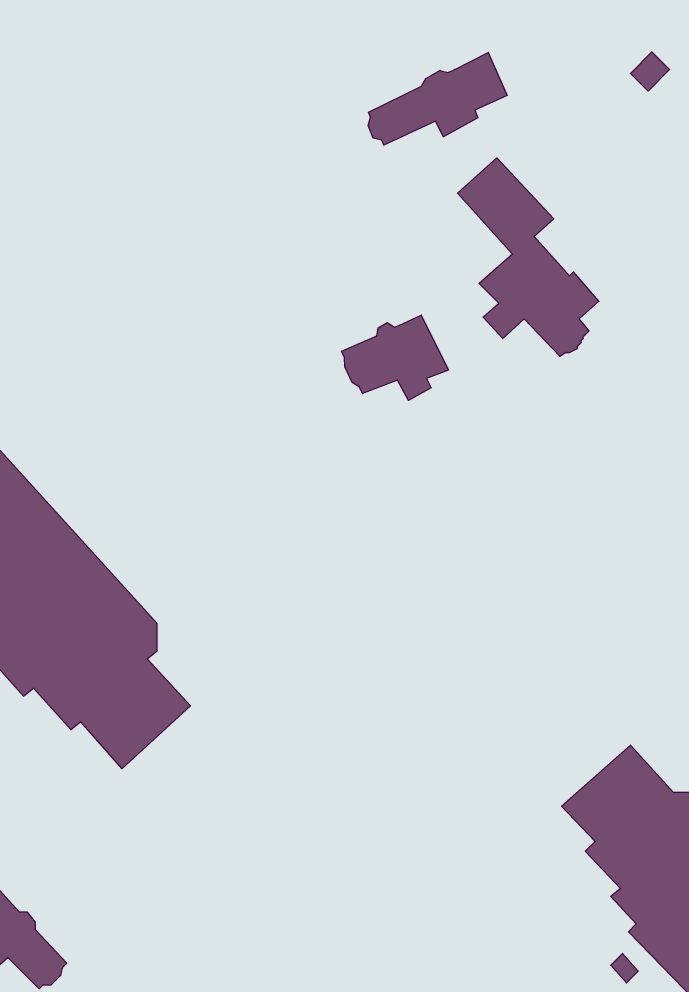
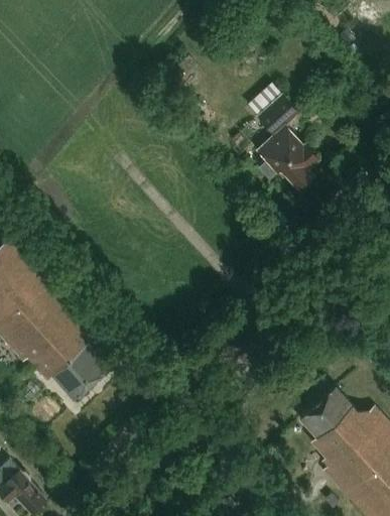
building: [368,52,507,145] -> none
building: [341,315,448,400] -> none

